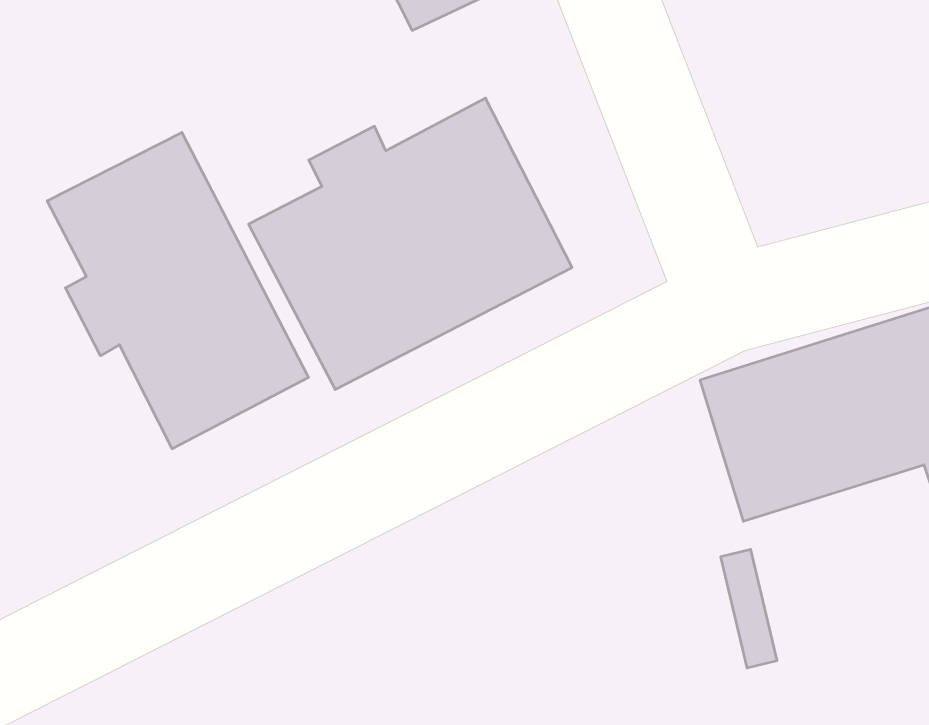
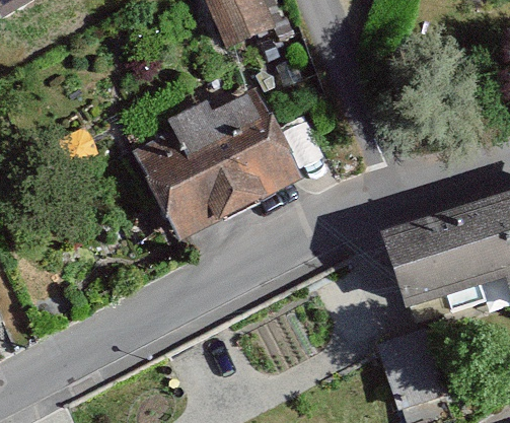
building: [47,132,308,449] -> none

